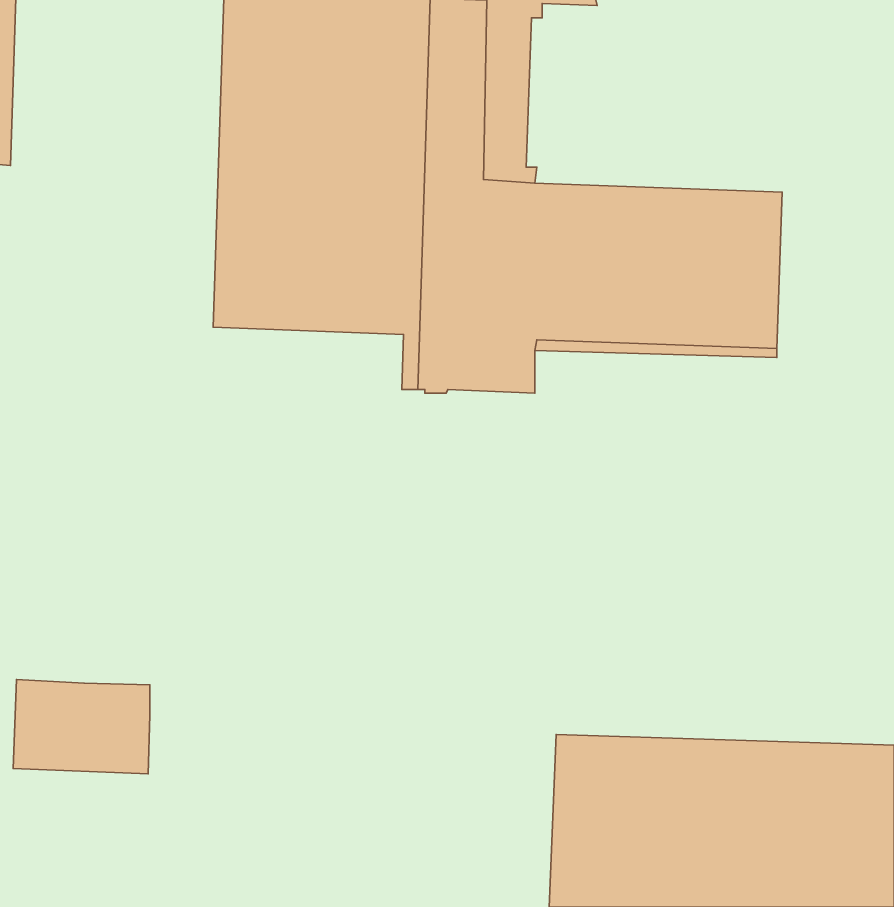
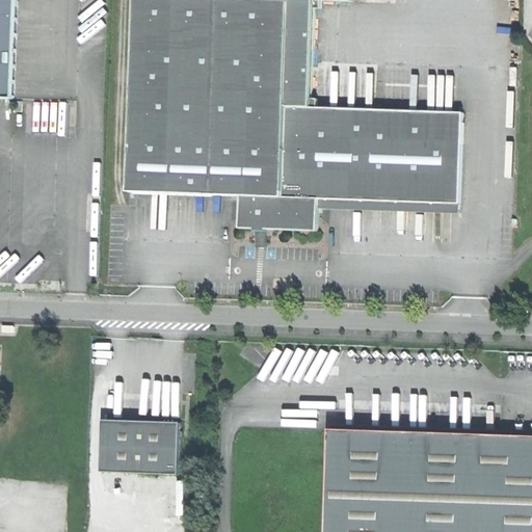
building: [13,680,150,774] -> [95,418,175,473]

